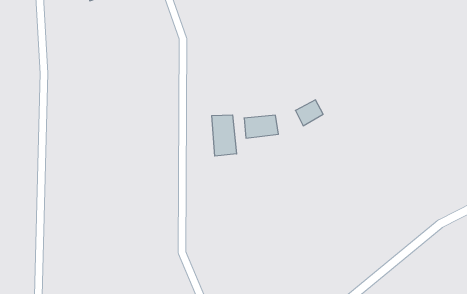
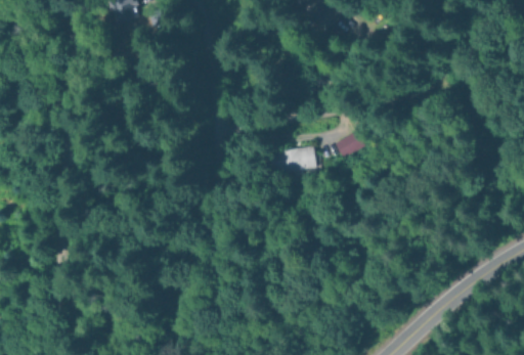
building: [212,115,237,156] -> none

